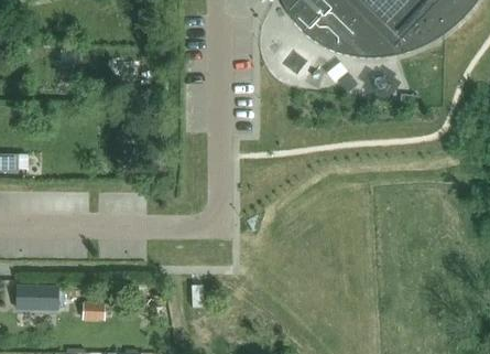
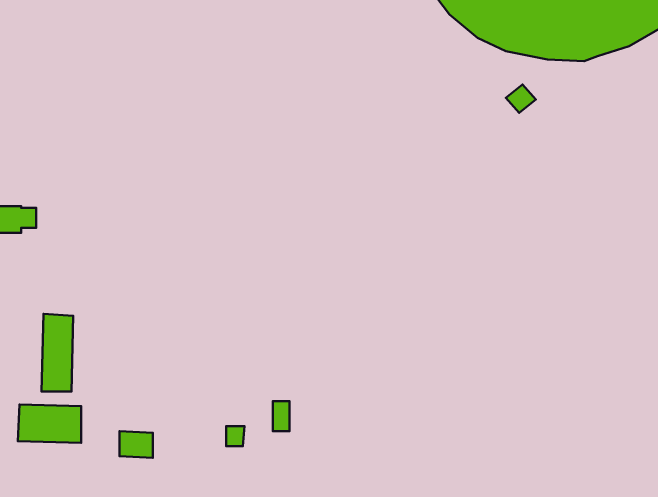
building: none -> [42,314,73,392]

